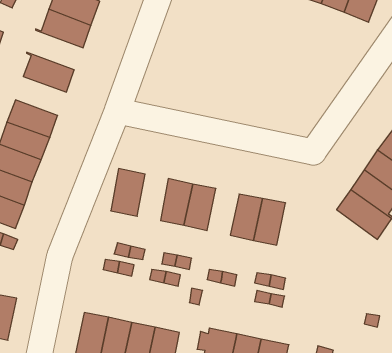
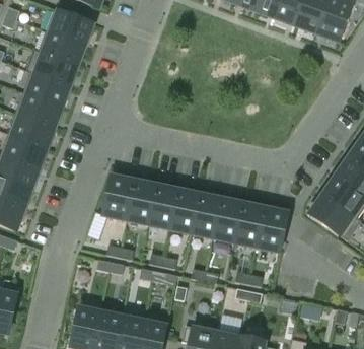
building: none -> [25,49,77,85]
building: none -> [15,91,62,127]
building: none -> [127,181,155,223]
building: none -> [191,194,220,236]
building: none -> [254,207,288,251]

